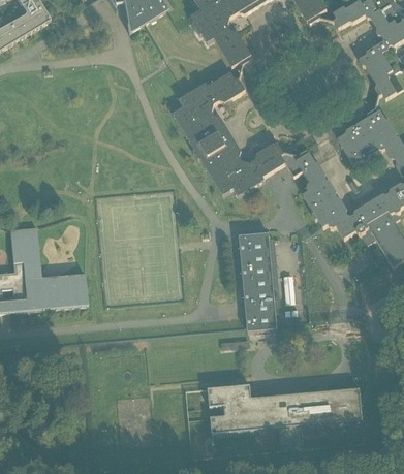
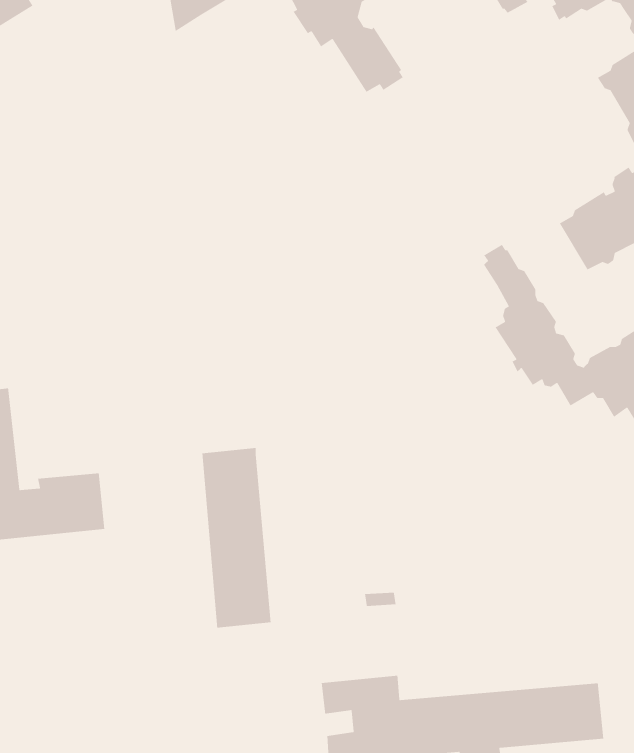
building: [172,70,285,194] -> none
building: [238,230,276,329] -> [202,447,271,628]

